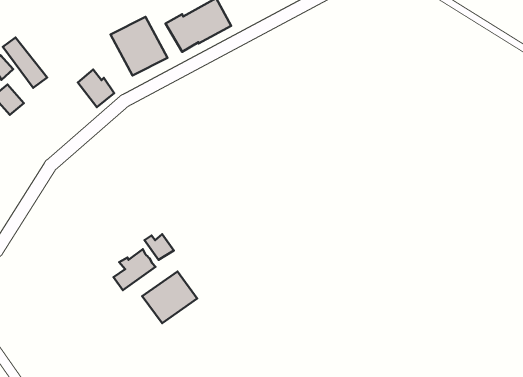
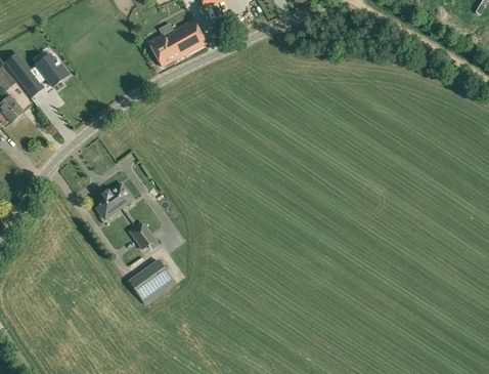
building: [111,17,168,75] -> none
building: [78,70,114,107] -> [38,55,70,88]
building: [113,249,156,290] -> [96,182,133,218]

